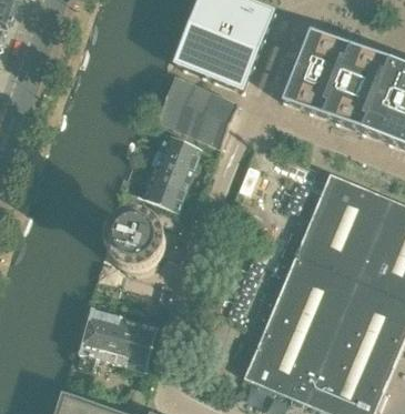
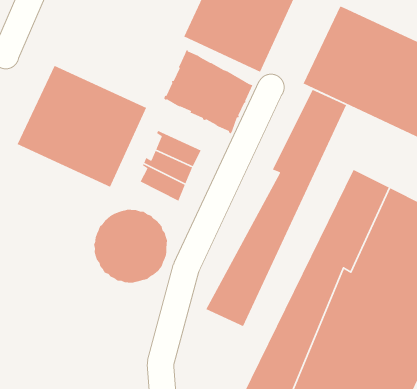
building: none -> [17,65,147,188]
building: none -> [205,89,347,327]
building: [155,131,201,162] -> none
building: [78,305,156,368] -> none

